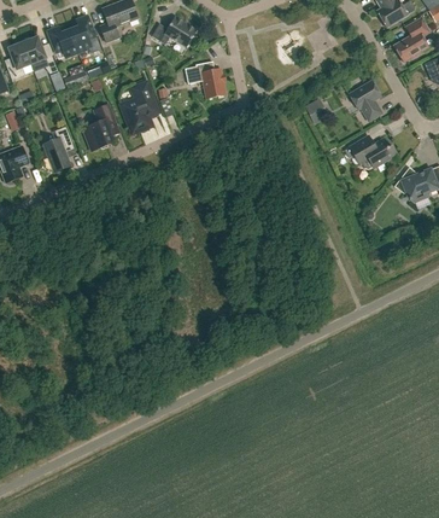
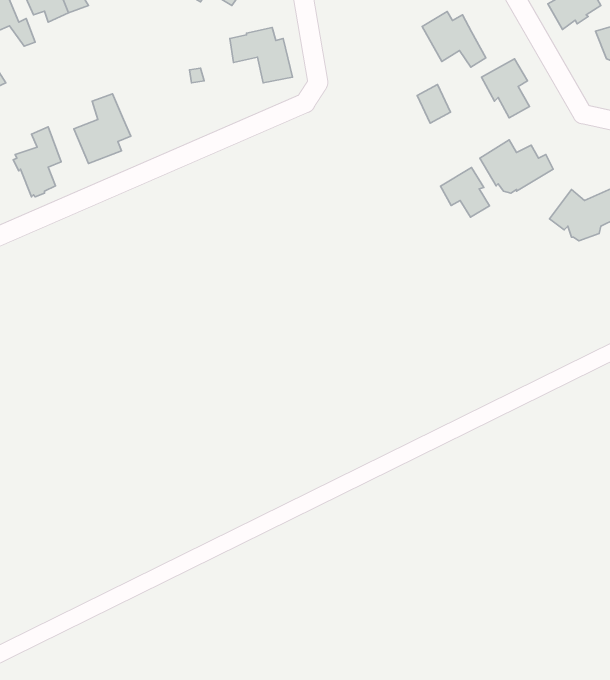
building: none -> [422,11,486,67]
building: [123,81,158,132] -> none
building: none -> [440,168,489,217]

